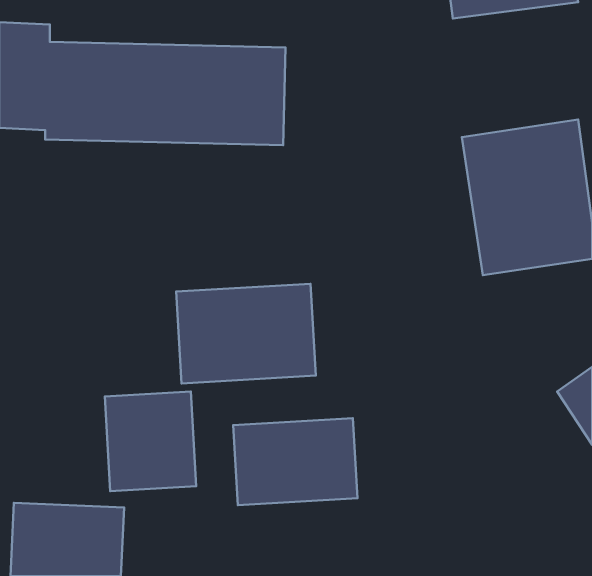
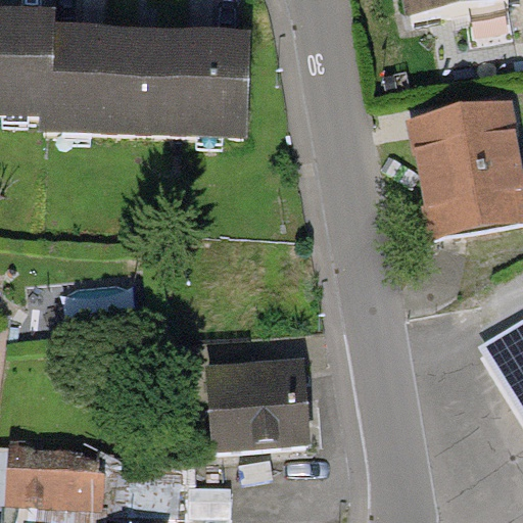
building: [176,284,316,383] -> none
building: [105,391,196,491] -> none

